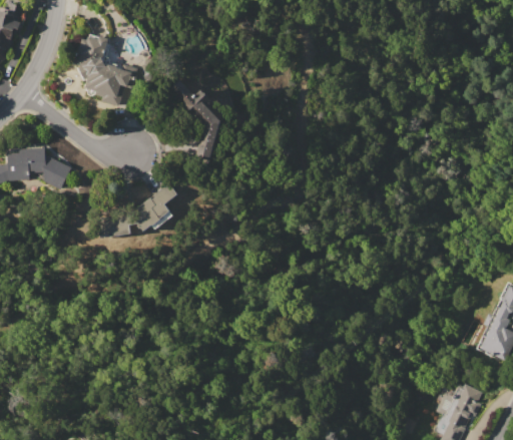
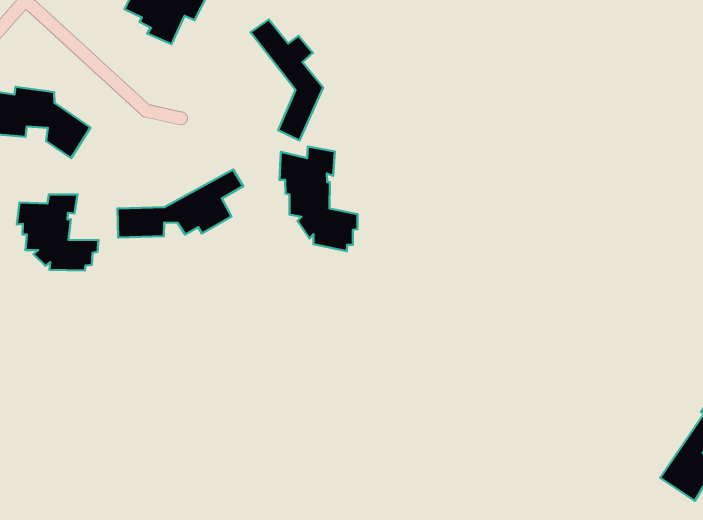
building: none -> [280,147,358,251]
building: none -> [17,194,98,271]

